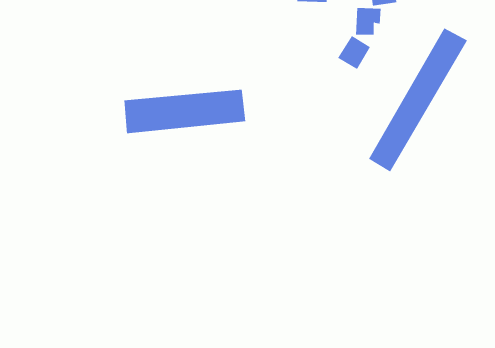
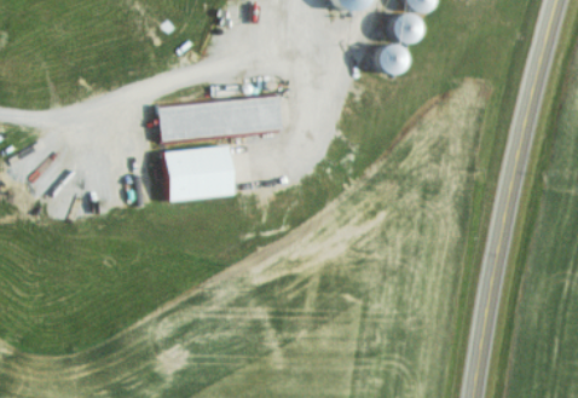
building: [368,28,468,172] -> none
building: none -> [164,144,236,201]

